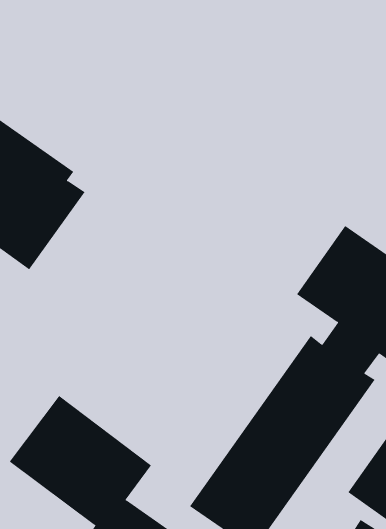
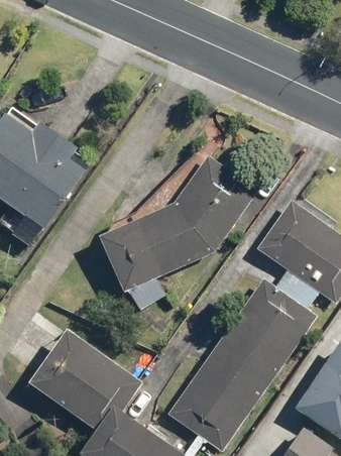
building: none -> [99,156,257,309]

